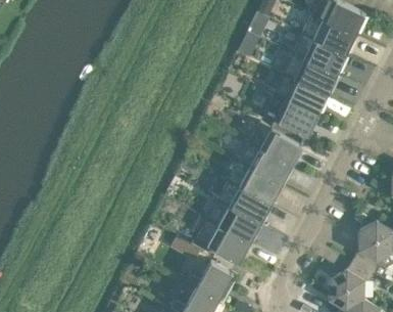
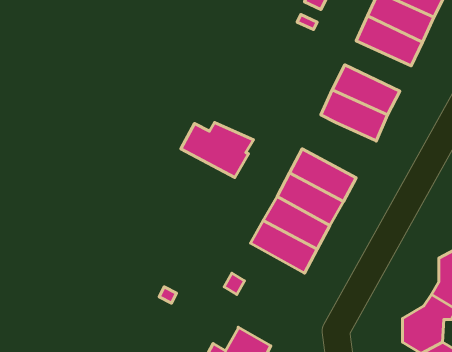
building: [282,53,336,94] -> none
building: [247,120,306,165] -> [181,122,254,178]
building: [194,218,249,263] -> none
building: [185,260,237,302] -> none

